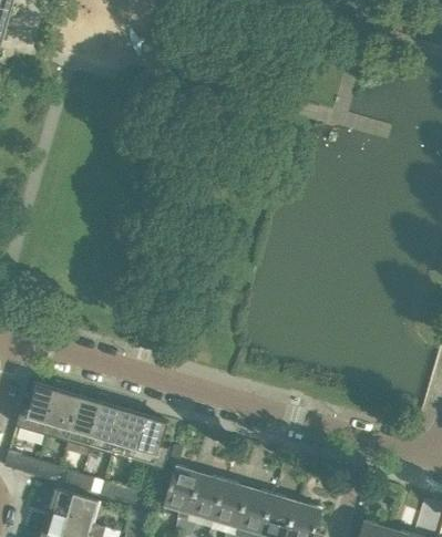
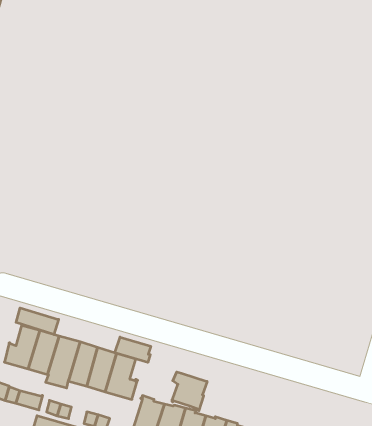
building: none -> [16,308,59,335]
building: none -> [115,337,151,362]
building: none -> [172,372,207,411]

